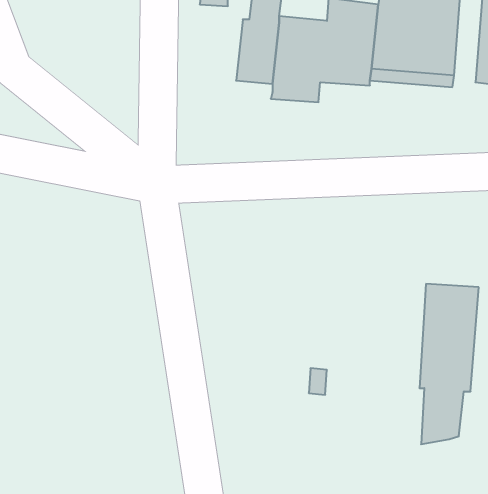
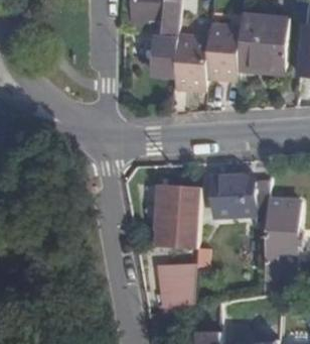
building: none -> [210,174,268,217]
building: none -> [157,186,199,246]
building: none -> [161,265,195,309]

